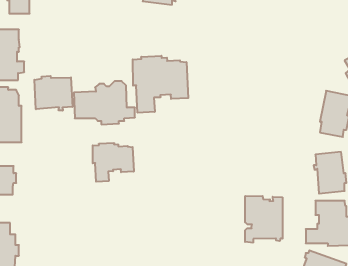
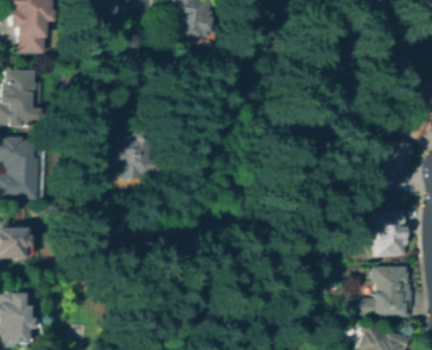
building: [133,56,188,113] -> none
building: [34,76,72,111] -> none
building: [93,143,134,182] -> none
building: [245,196,283,243] -> none

